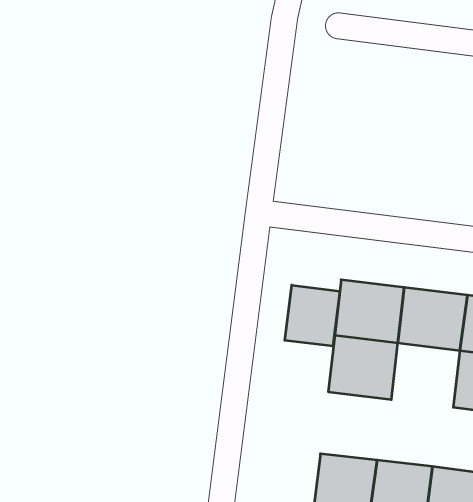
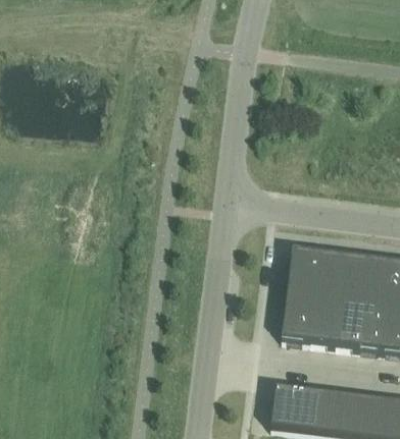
building: [285,285,340,346] -> none
building: none -> [333,298,387,349]

